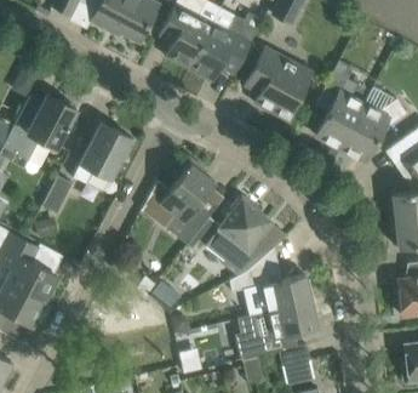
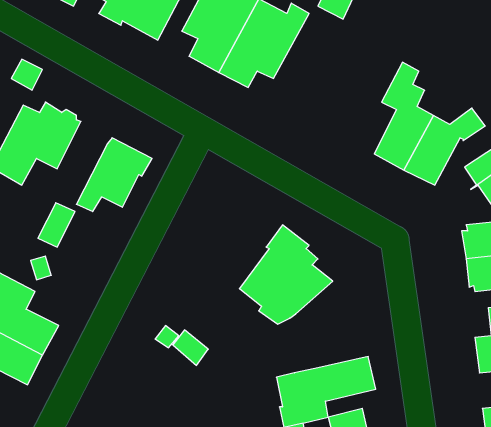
building: [245,47,311,121] -> none
building: [160,158,216,245] -> none
building: [229,267,311,315] -> none

